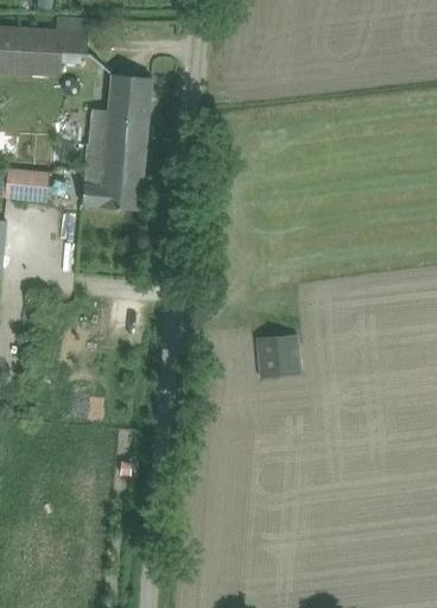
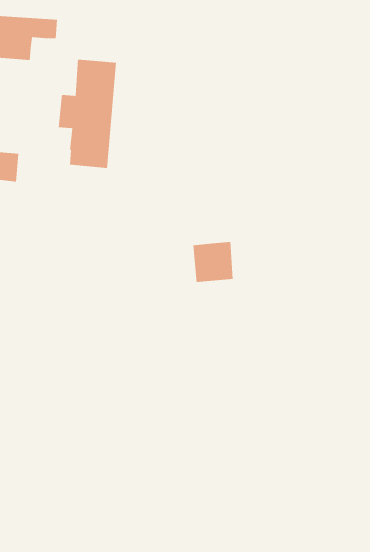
building: [82,167,141,210] -> none
building: [256,334,299,376] -> [192,242,233,283]

